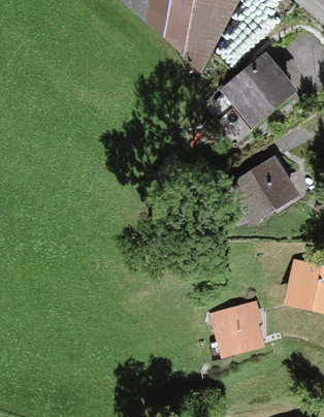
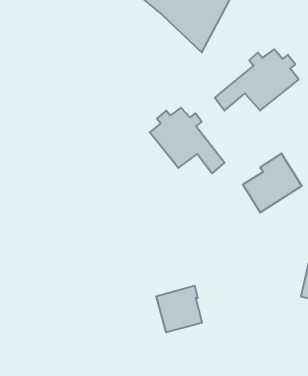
building: none -> [150,108,225,173]
building: [216,304,260,349] -> [156,286,202,332]

